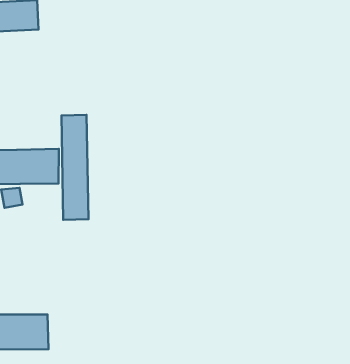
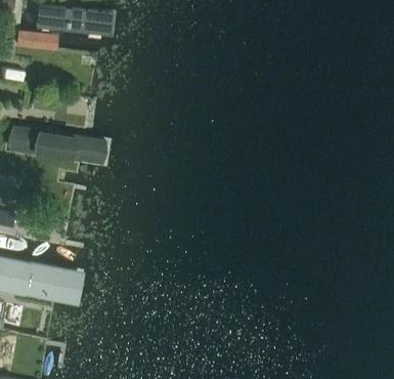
building: [61,115,88,220] -> none

